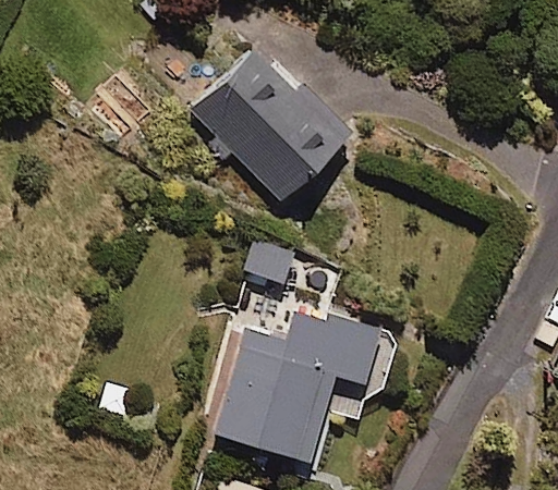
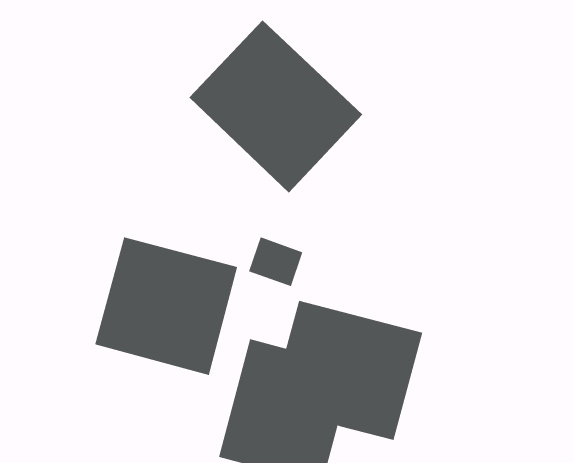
building: none -> [95,237,238,376]

